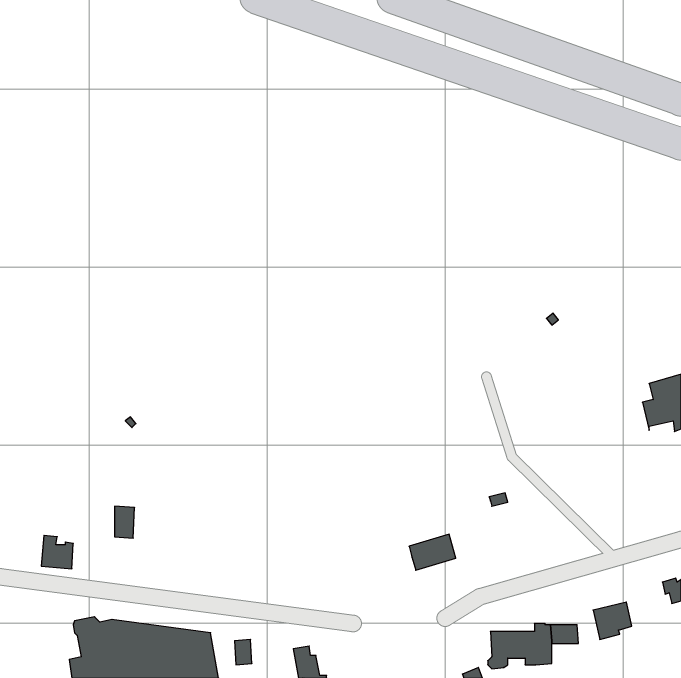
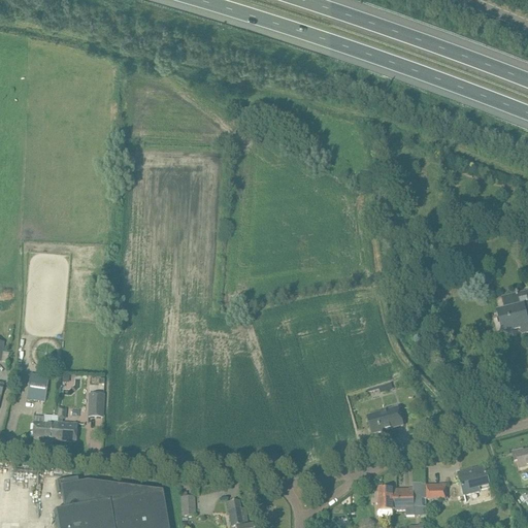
building: none -> [27,372,48,401]
building: none -> [56,406,77,441]
building: [409,534,456,570] -> [367,406,403,434]

